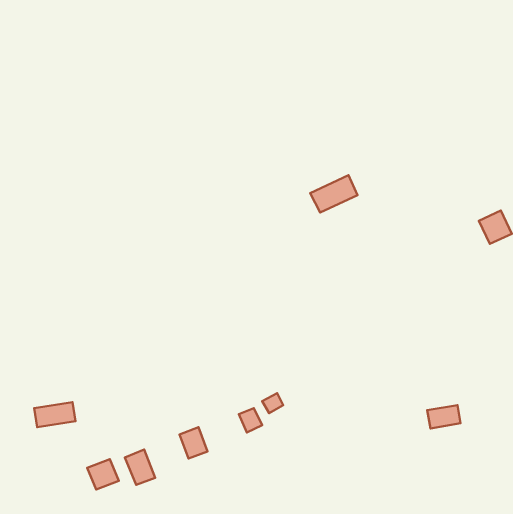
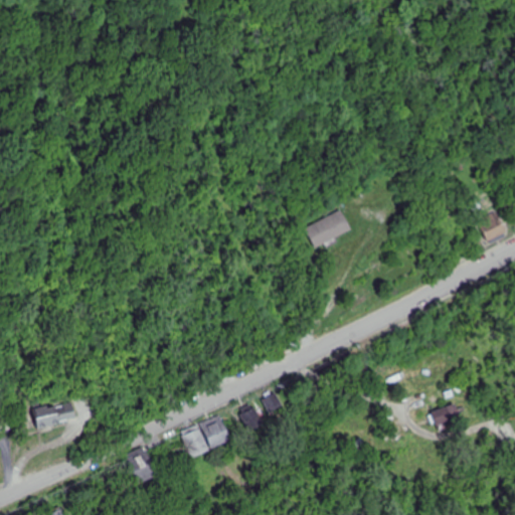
building: [310,175,357,212] -> [304,209,351,246]
building: none -> [199,415,229,449]
building: [87,459,119,490] -> none

